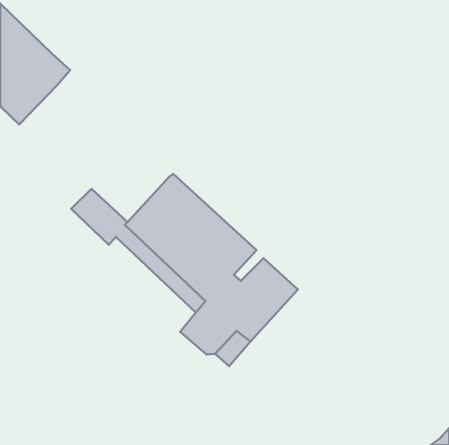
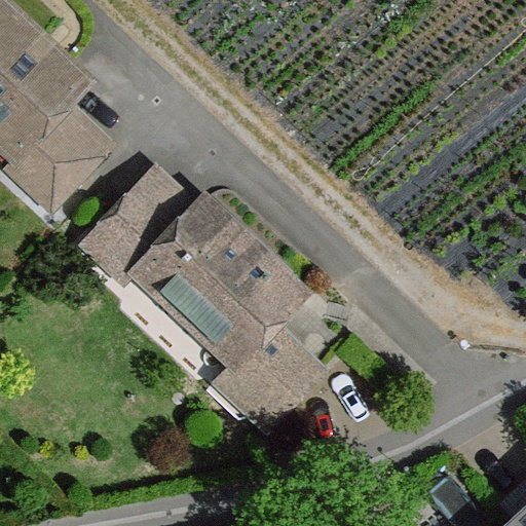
building: none -> [23,100,111,202]
building: none -> [107,167,198,260]

